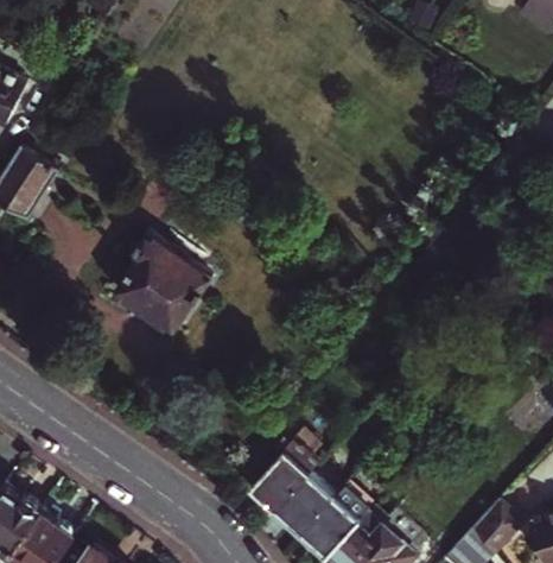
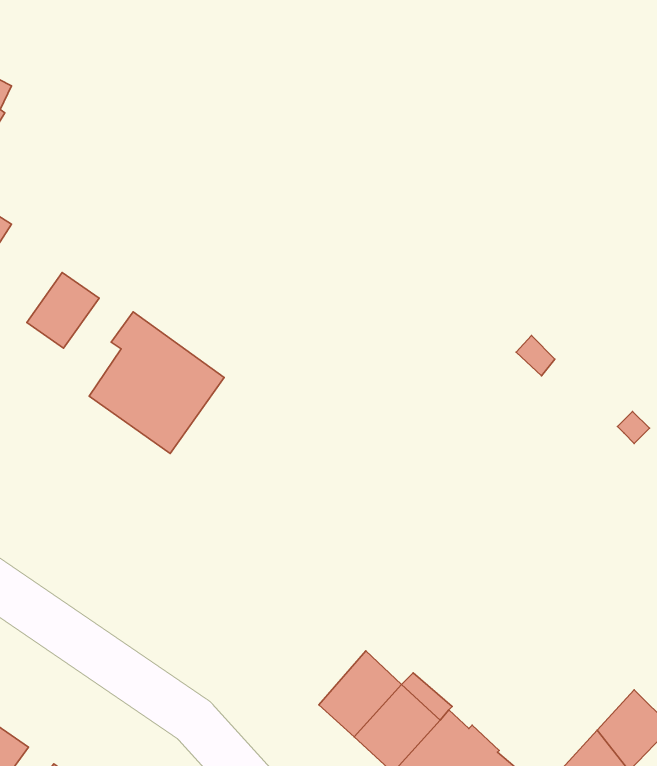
building: none -> [27,272,99,348]
building: [250,441,318,510] -> none

